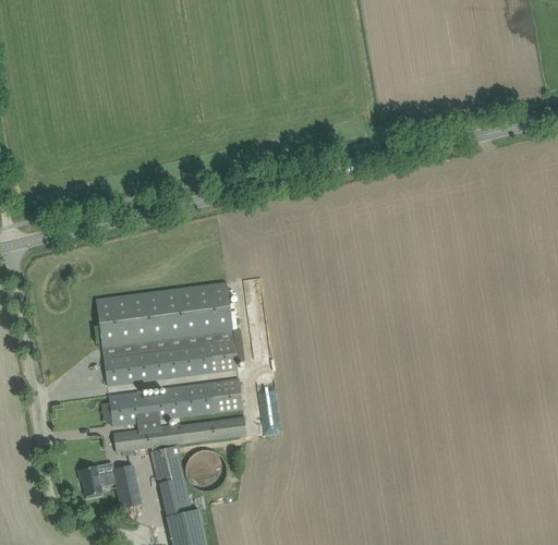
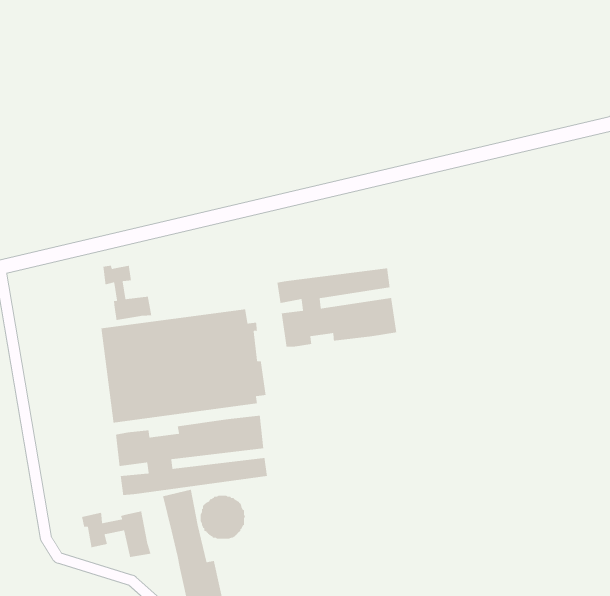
building: none -> [102,265,152,321]
building: none -> [277,267,397,348]

